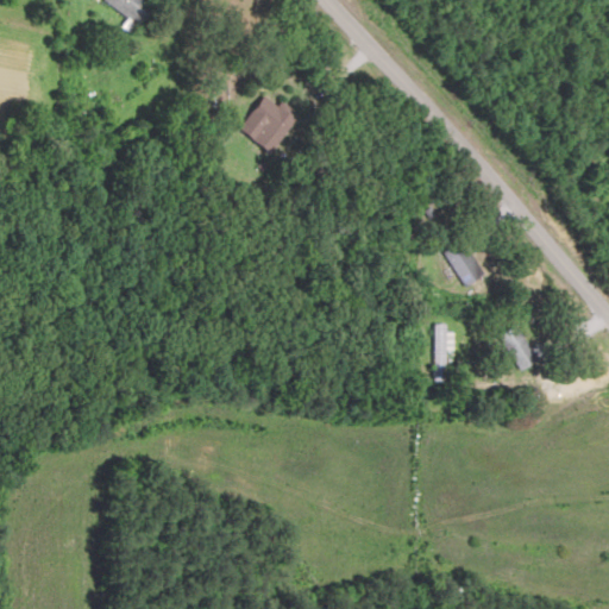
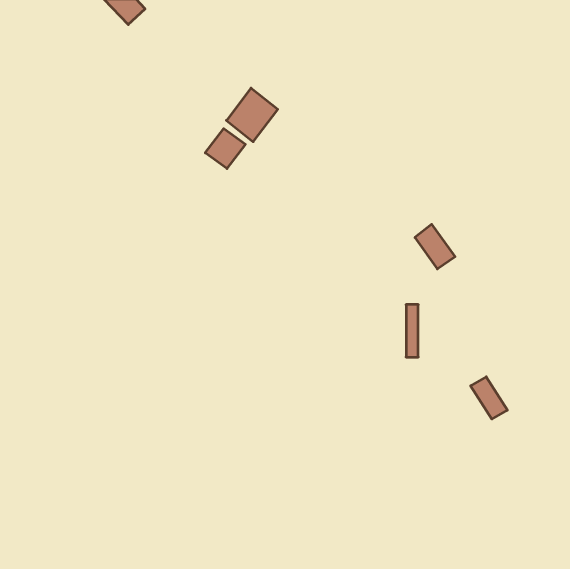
building: none -> [205,129,245,169]
building: [498,325,538,370] -> [471,377,507,419]

